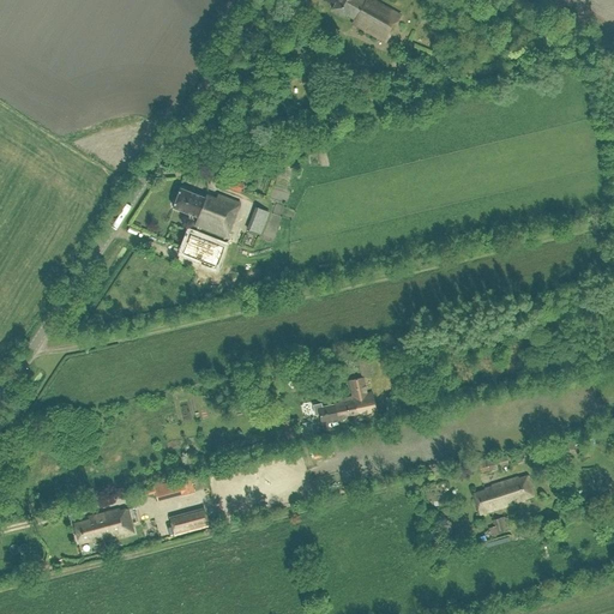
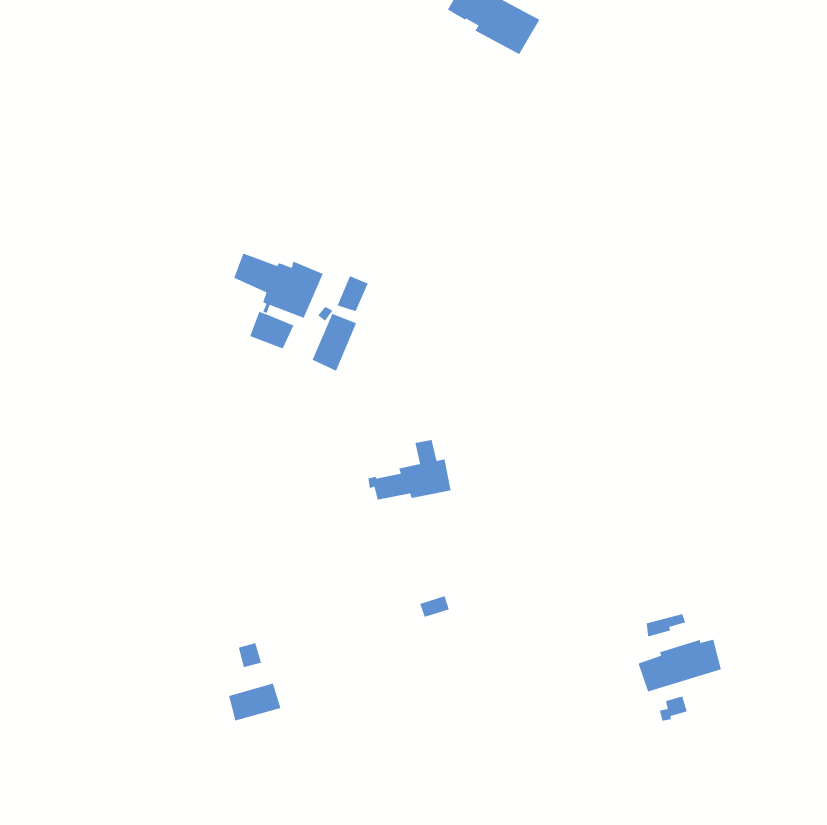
building: none -> [311,313,357,372]
building: [314,377,377,422] -> [367,439,452,501]
building: [74,507,134,542] -> none

